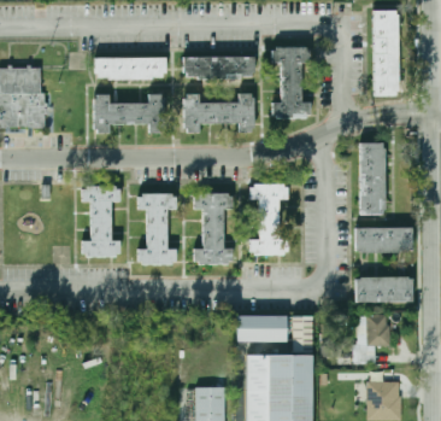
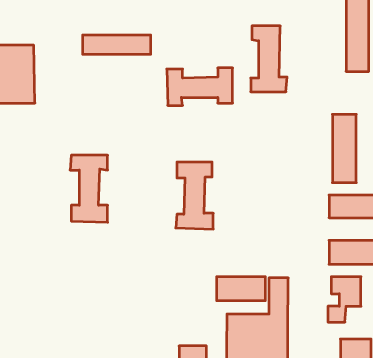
building: [183,57,254,77] -> none
building: [94,94,164,134] -> none
building: [249,183,288,256] -> none
building: [137,193,177,264] -> none

